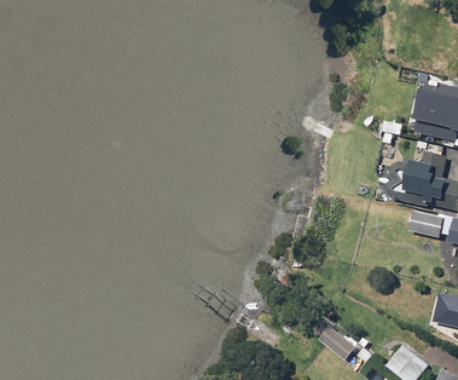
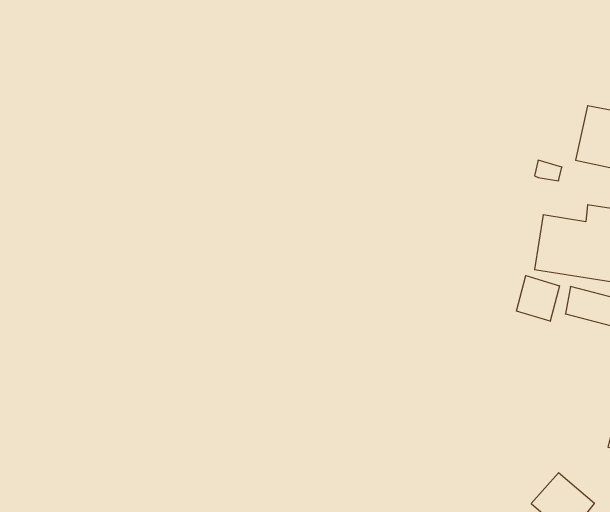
building: none -> [517,276,559,321]
building: [321,327,358,361] -> none

